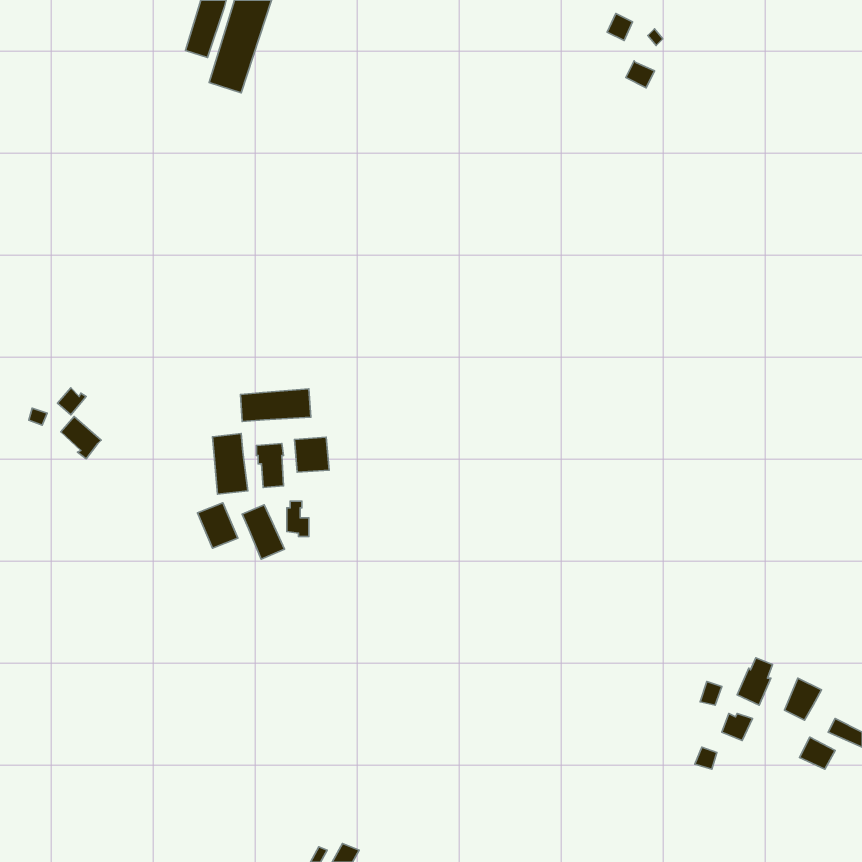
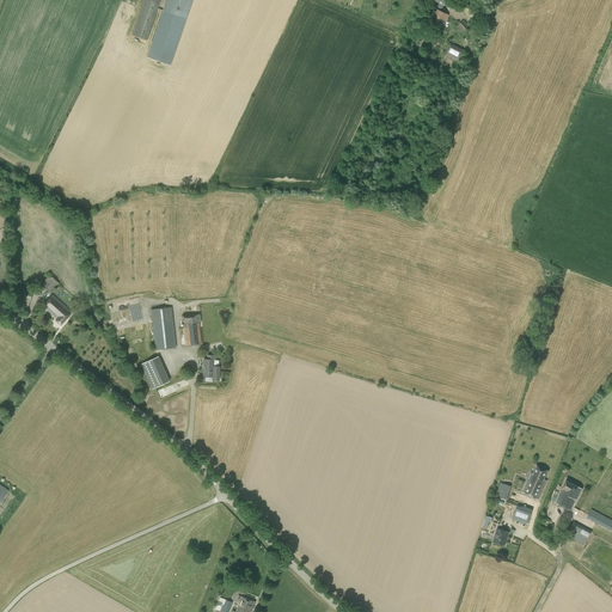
building: [241,389,311,422] -> none
building: [294,437,329,472] -> none
building: [242,505,284,559] -> none

